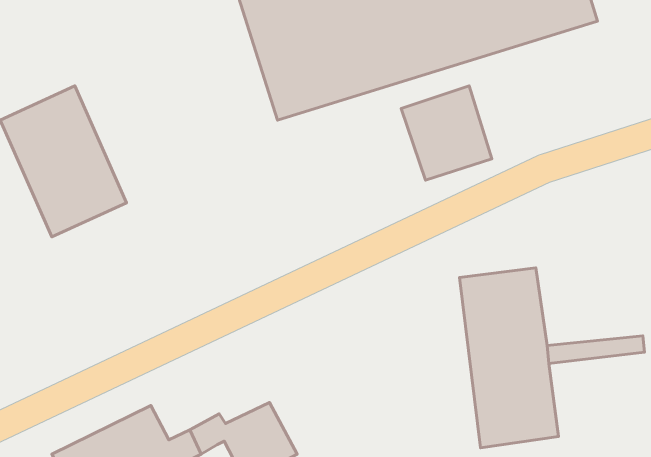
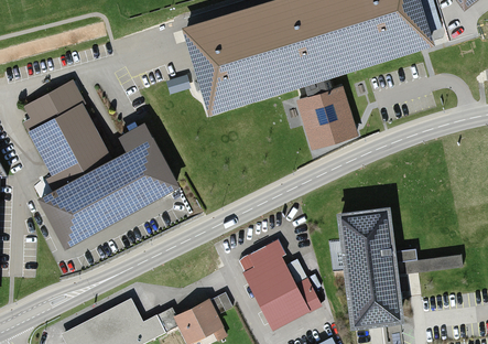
building: none -> [32,126,176,249]
building: none -> [245,245,316,330]

